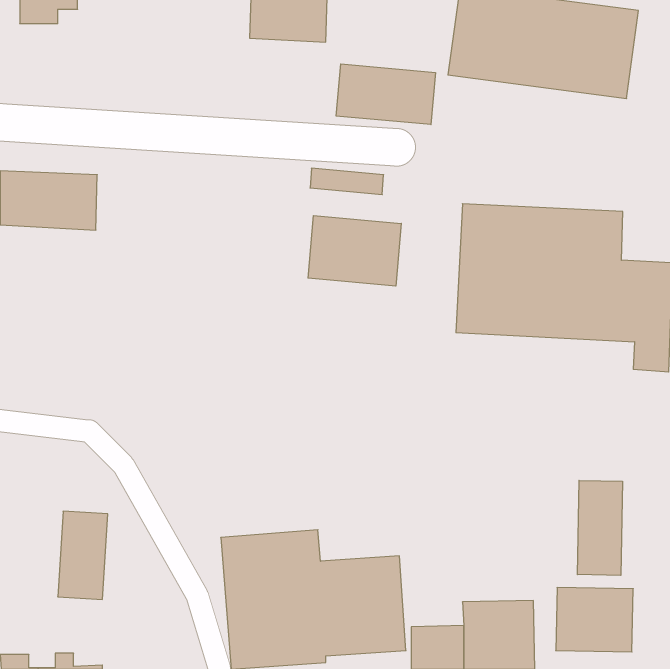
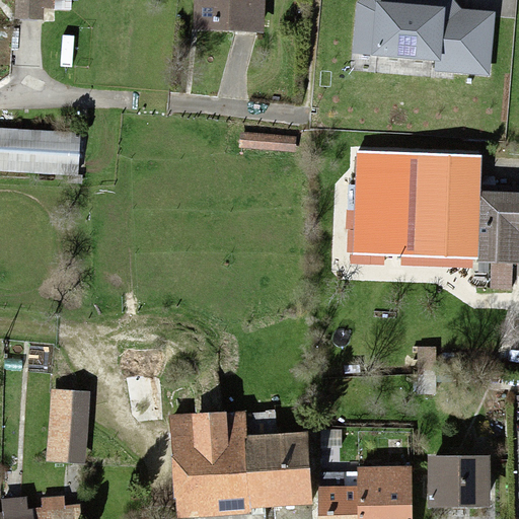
building: [336,64,435,125] -> none
building: [308,216,401,286] -> none
building: [577,480,622,575] -> none

